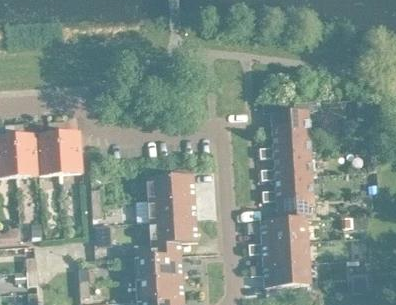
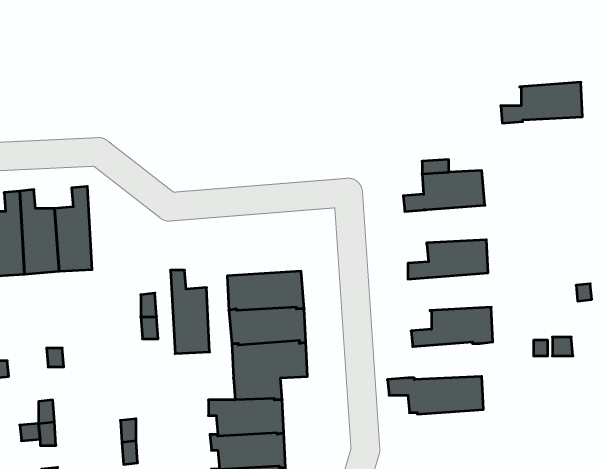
building: [56,121,81,174] -> [170,270,210,354]
building: [258,133,310,159] -> [501,82,582,123]
building: [261,176,313,202] -> none
building: [246,220,307,244] -> none
building: [249,263,310,288] -> none

